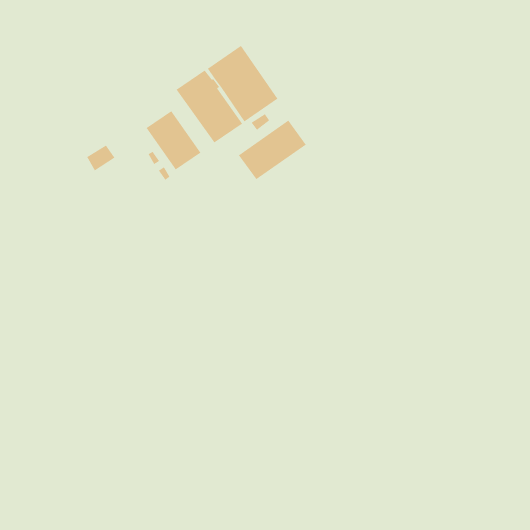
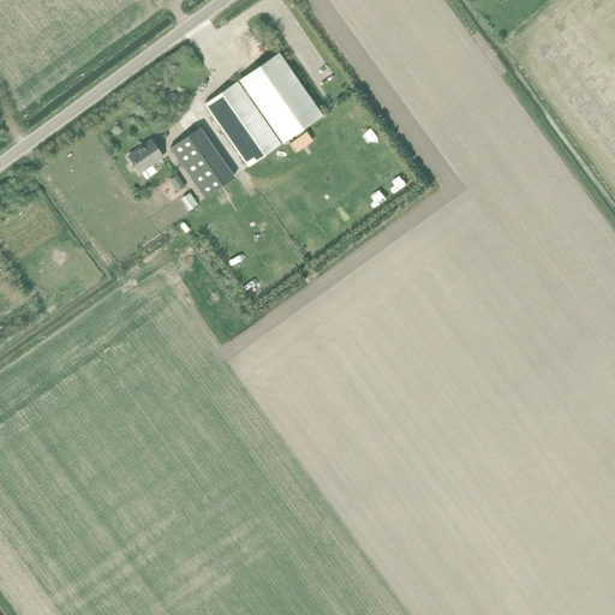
building: [238,120,307,180] -> none
building: [86,144,115,171] -> [127,139,161,171]

